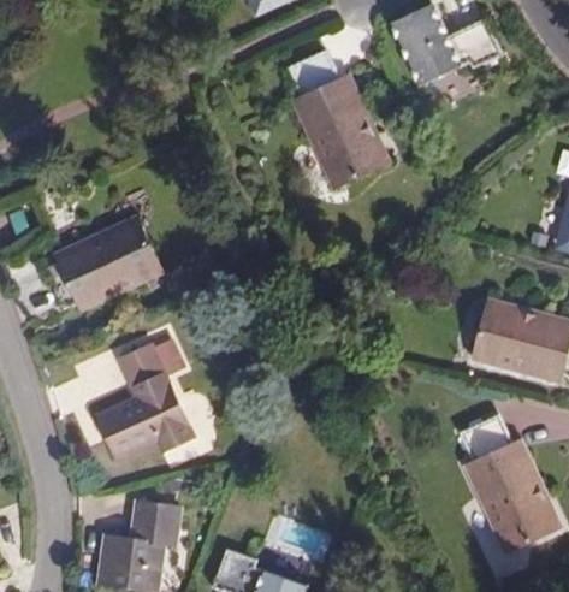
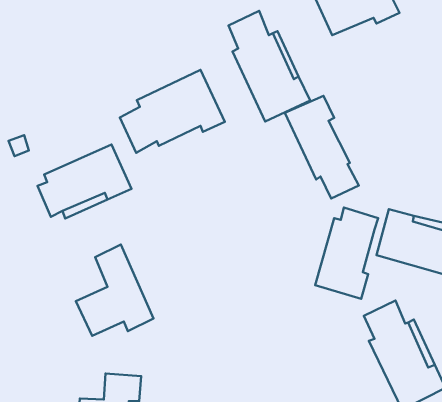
building: none -> [120,70,225,153]
building: none -> [285,96,359,198]
building: none -> [315,207,378,299]

